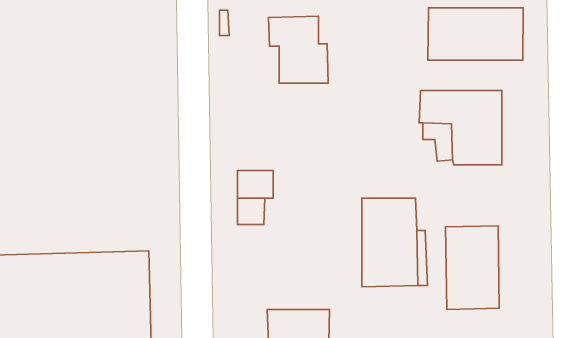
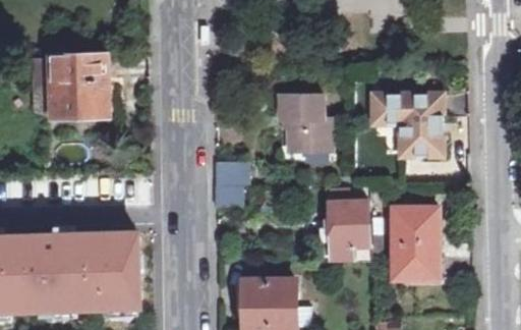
building: [428,8,523,60] -> none
building: [268,16,328,83] -> [280,95,331,152]
building: none -> [28,55,106,118]

